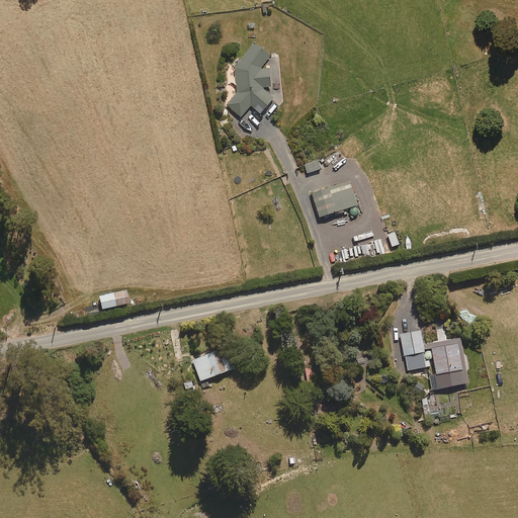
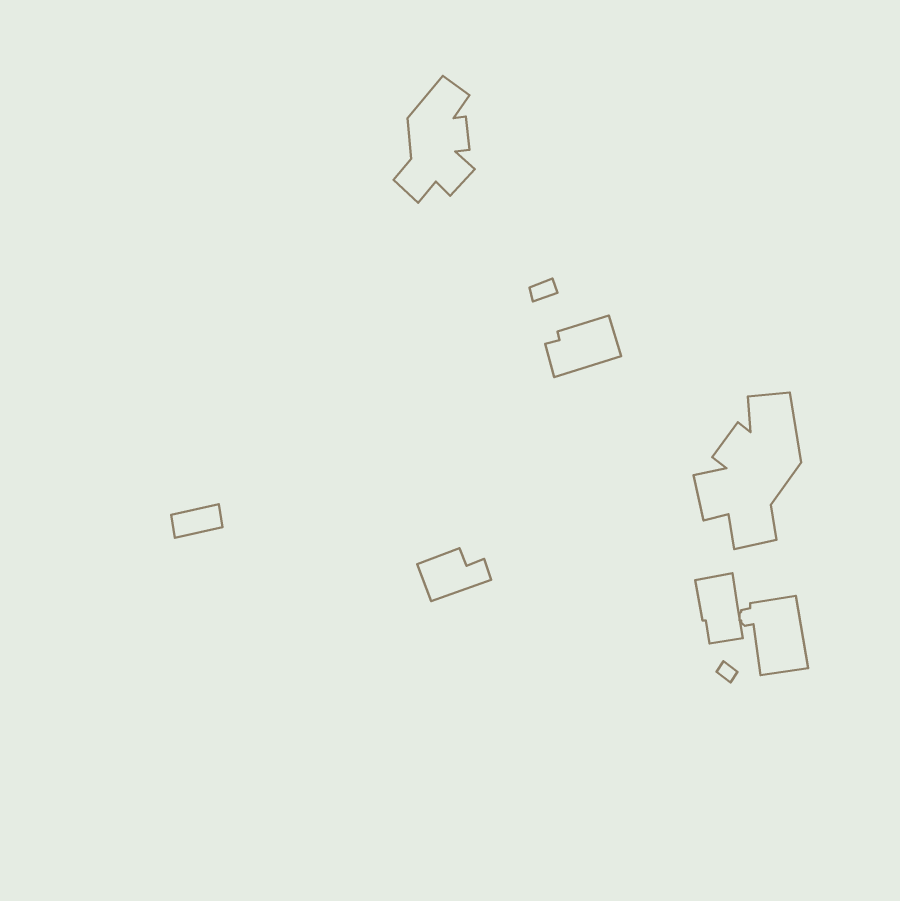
building: none -> [693,392,801,549]
building: [192,349,235,379] -> [417,548,491,601]

